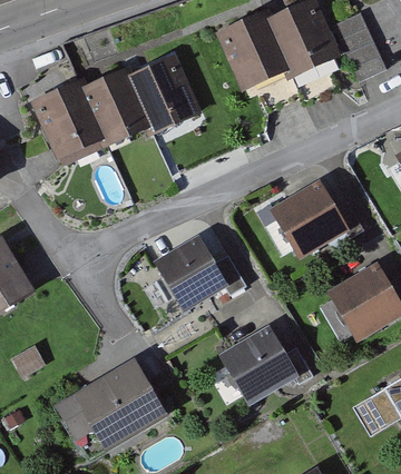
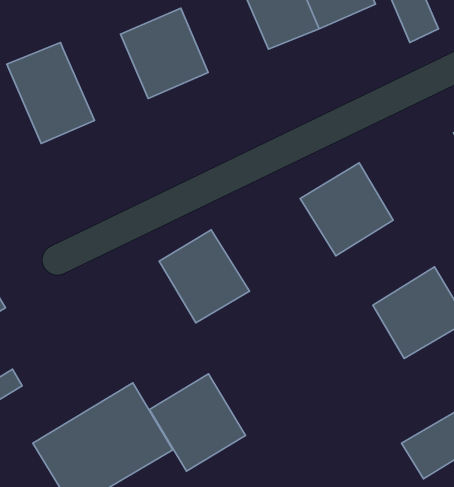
building: [79,68,148,145] -> none
building: [222,325,300,404] -> [150,374,245,471]

